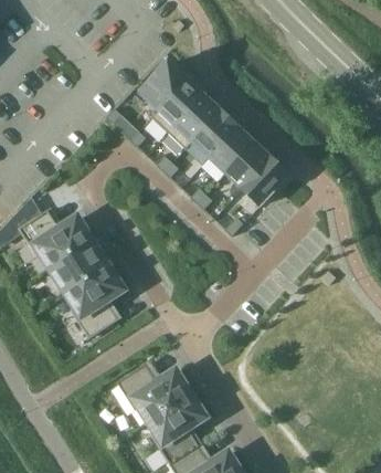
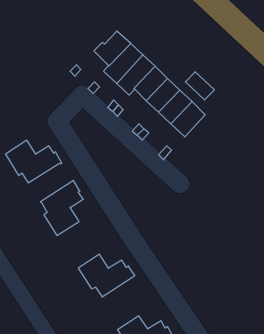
building: none -> [185,72,214,100]
building: [51,241,112,297] -> none
building: [150,392,207,465] -> none

